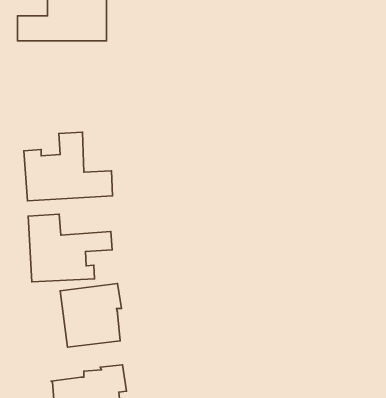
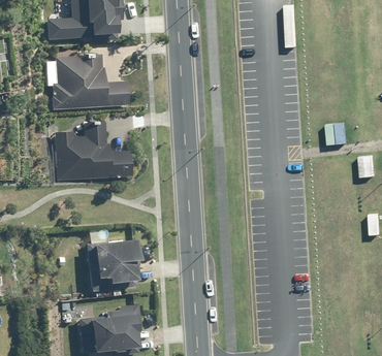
building: none -> [50,54,125,109]
building: [28,214,112,282] -> none

